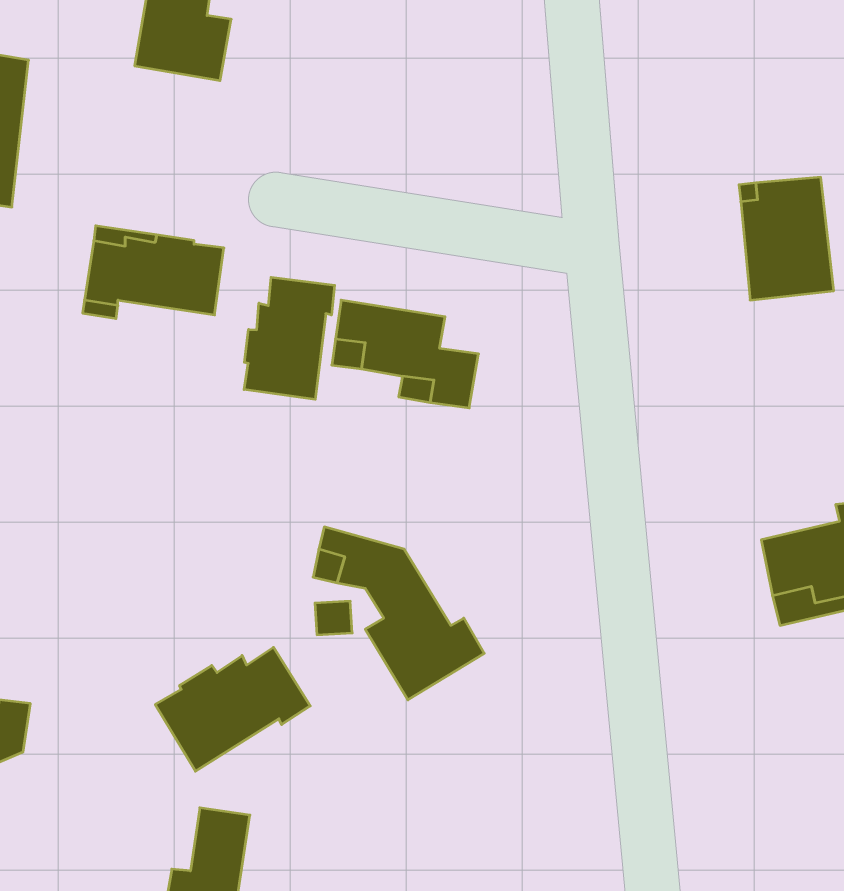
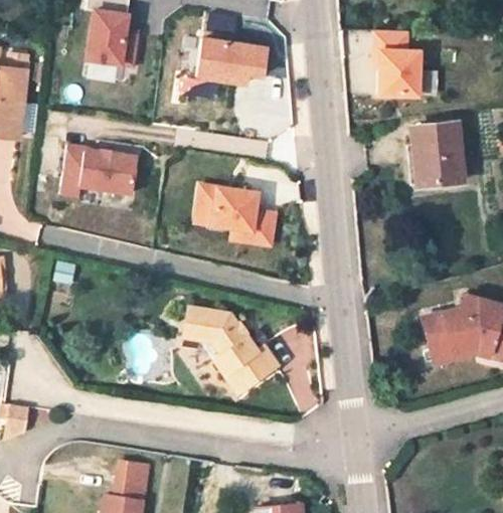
building: none -> [375,28,420,94]
building: none -> [199,37,271,84]
building: [244,277,335,399] -> none
building: [155,647,310,771] -> none

